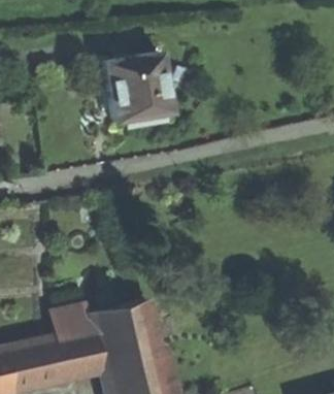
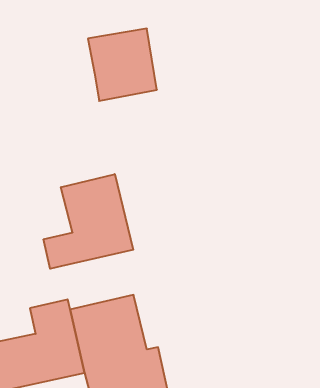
building: none -> [44,174,133,269]

